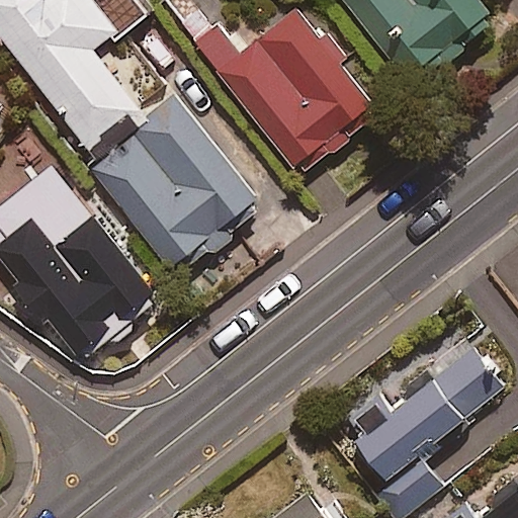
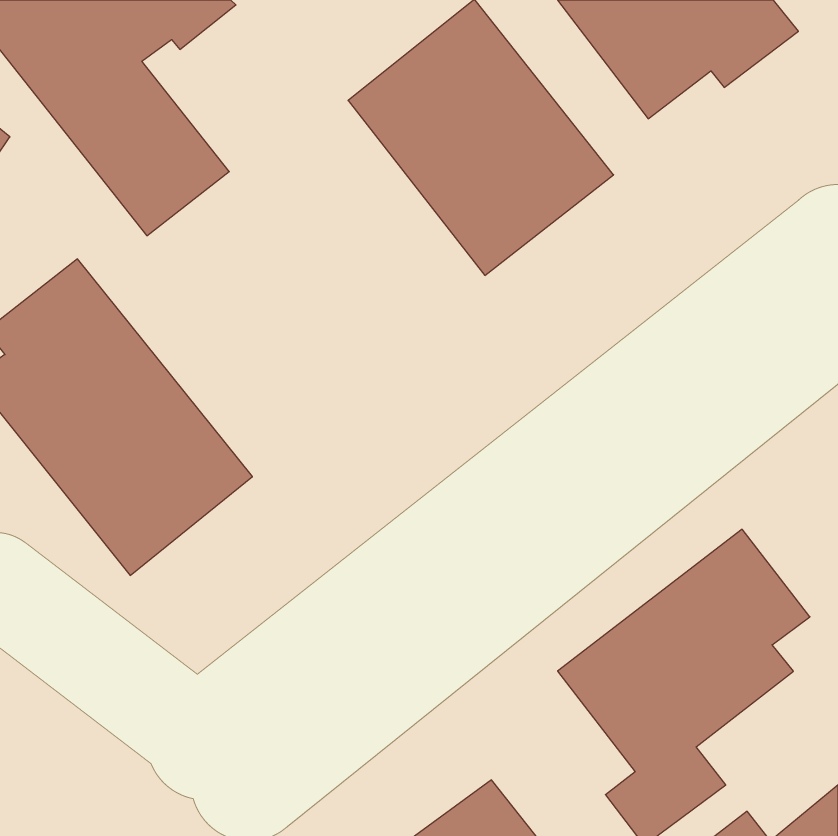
building: [86,92,263,274] -> none

